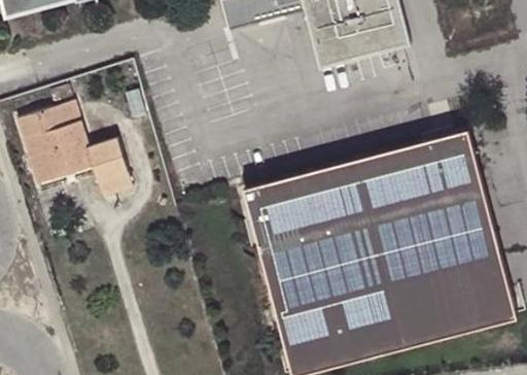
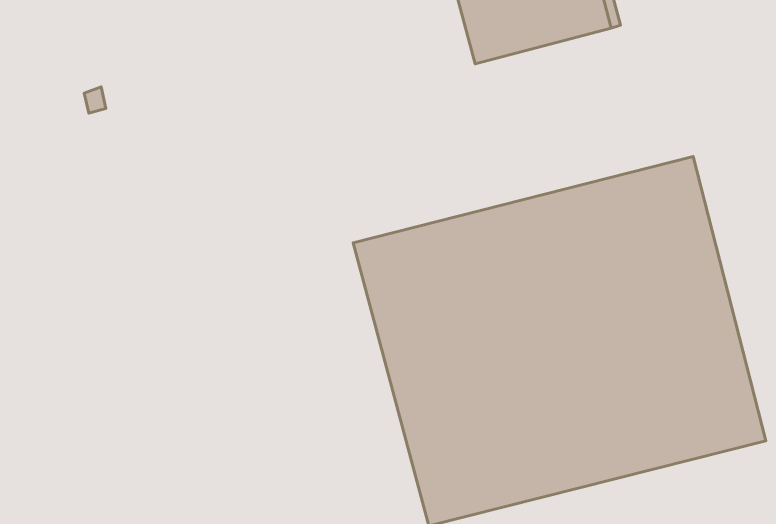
building: [17,102,133,197] -> none

